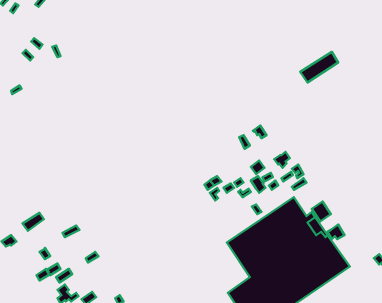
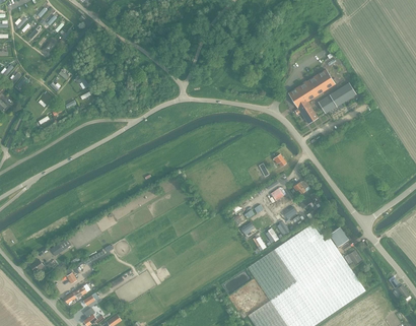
building: none -> [287,69,334,124]

